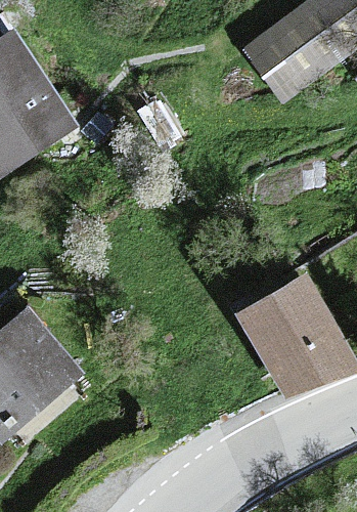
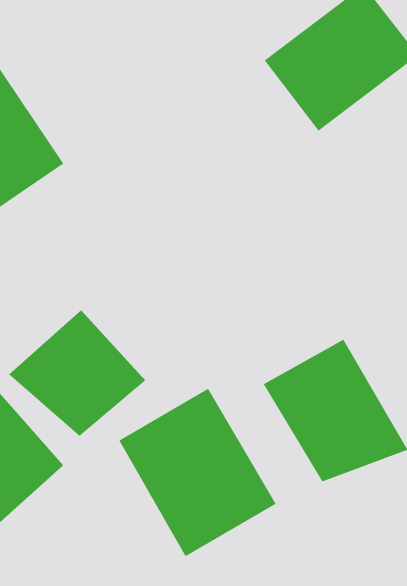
building: none -> [8,310,146,437]
building: none -> [118,388,277,557]

